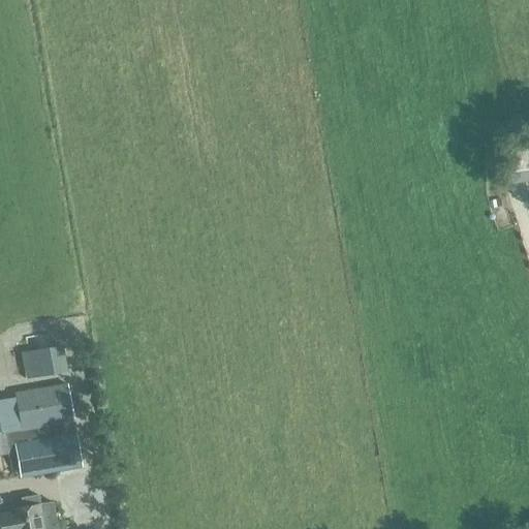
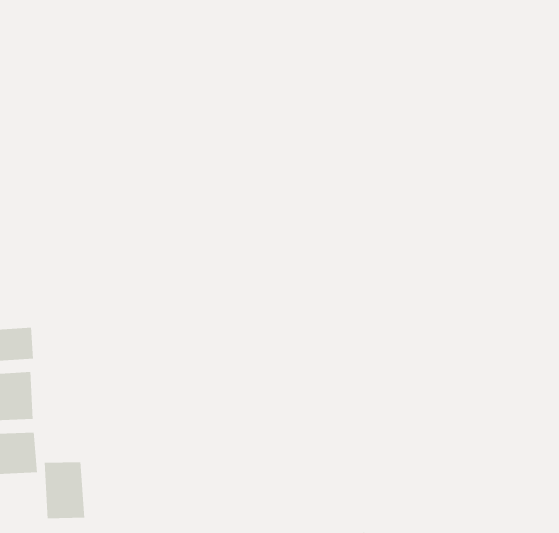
building: none -> [44,461,85,519]

